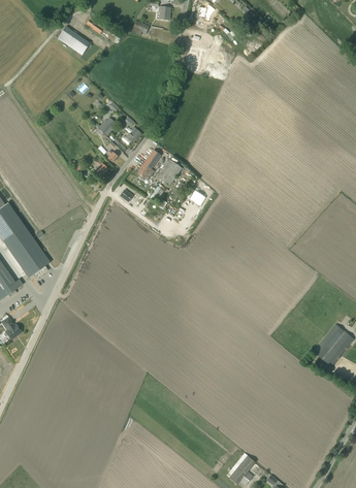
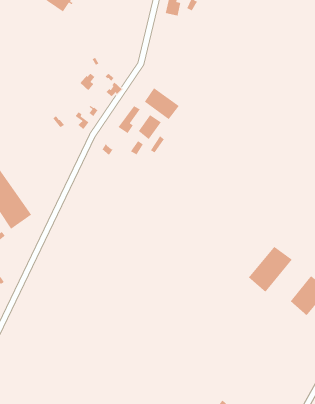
building: none -> [144,87,180,120]
building: none -> [248,246,293,293]

